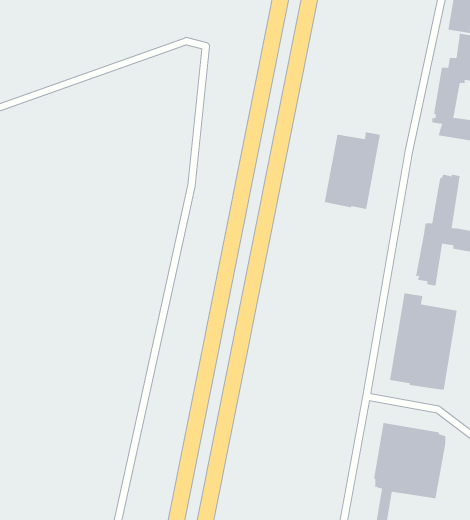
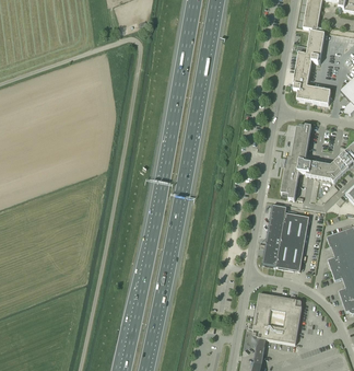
building: [324,131,381,210] -> none

